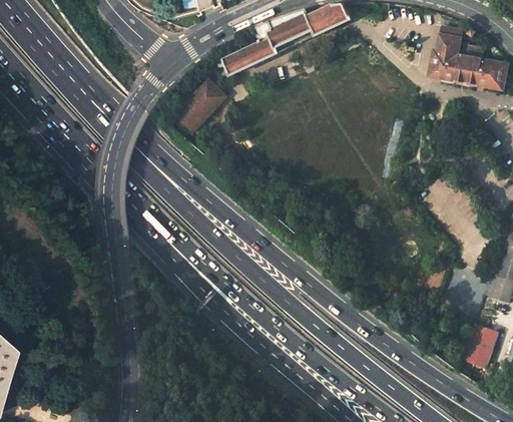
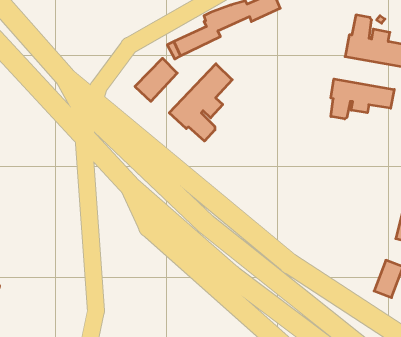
building: none -> [169,64,232,141]
building: none -> [331,79,394,119]

